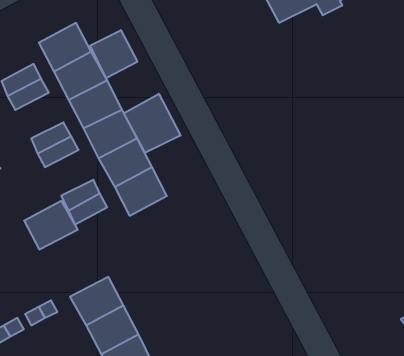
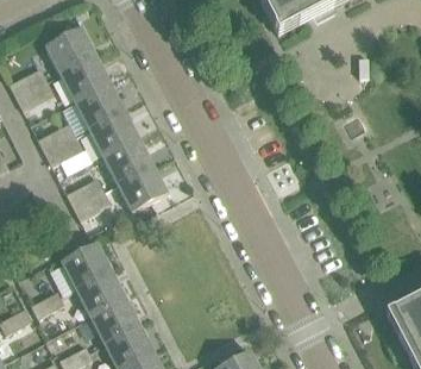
building: [90,30,137,78] -> none
building: [124,94,181,153] -> none
building: [24,201,78,249] -> [61,242,112,288]

